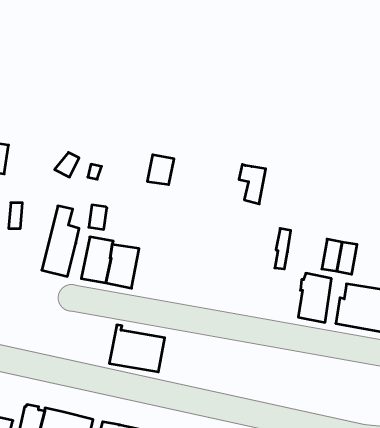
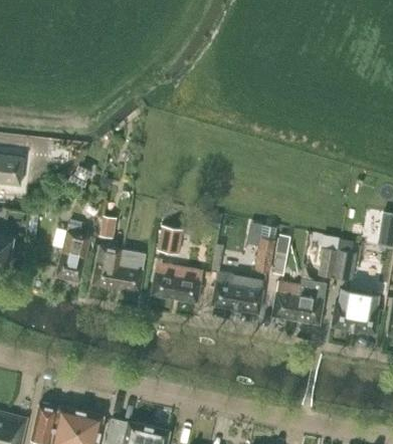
building: [147,155,174,185] -> [158,226,183,254]
building: [239,164,266,204] -> [250,236,275,273]
building: none -> [211,272,265,313]
building: none -> [271,281,301,320]
building: [109,325,165,372] -> [151,259,203,303]

